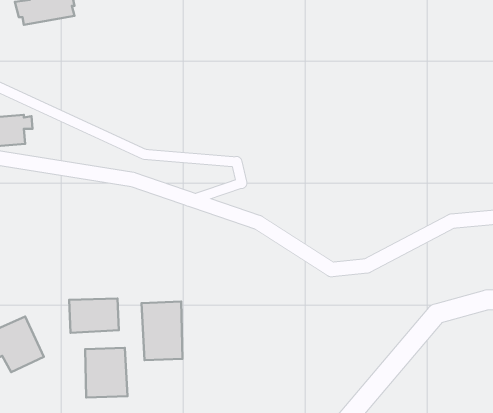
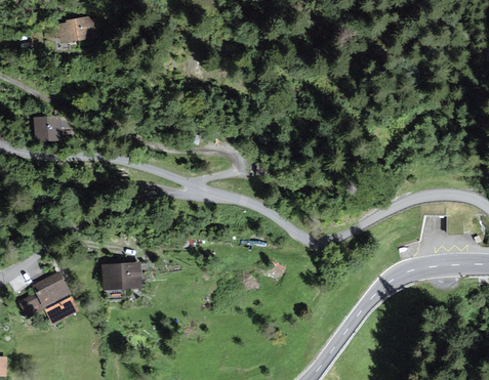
building: [142,302,183,360] -> none
building: [85,348,127,398] -> none

